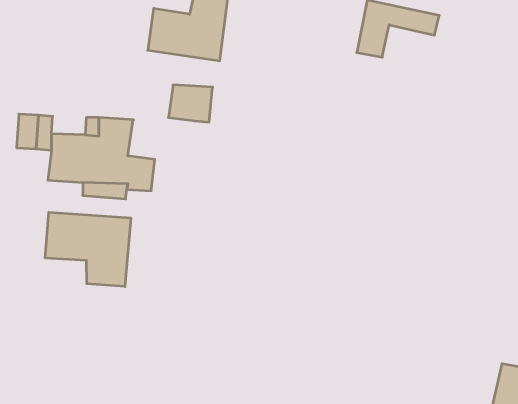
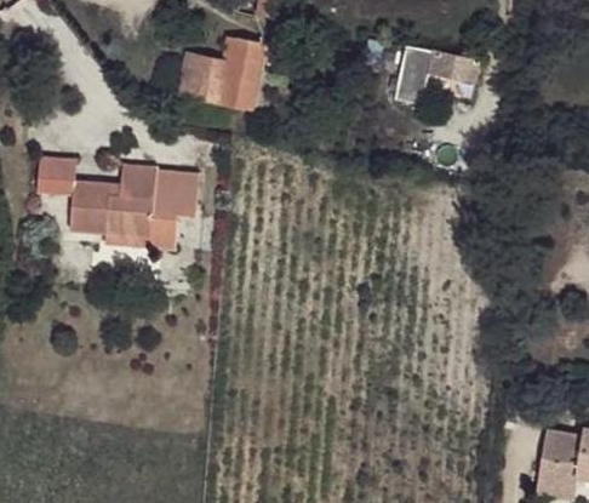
building: [168,85,213,122] -> [158,173,204,212]
building: [45,212,131,287] -> none

